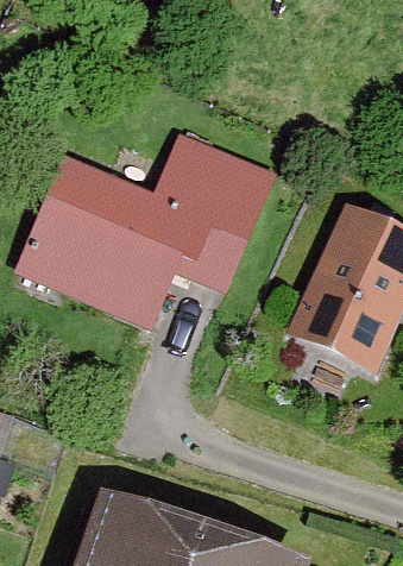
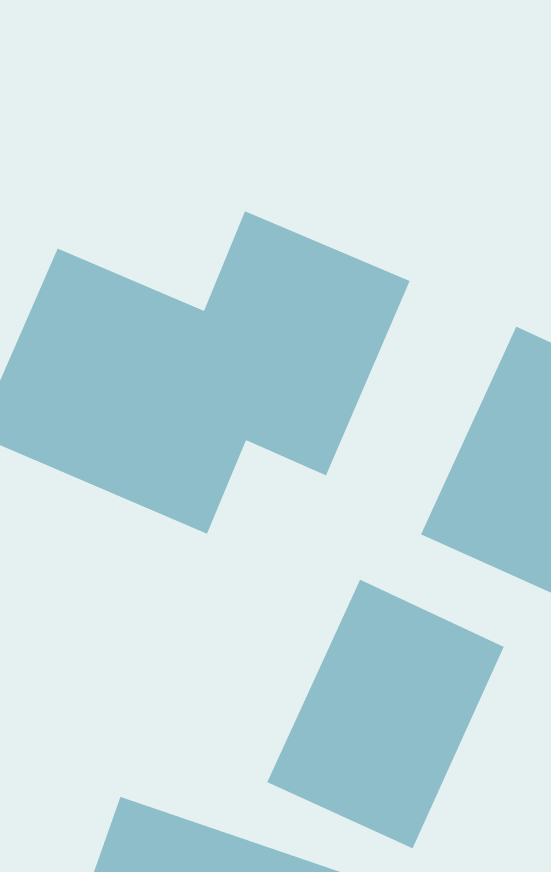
building: none -> [266,579,505,849]

